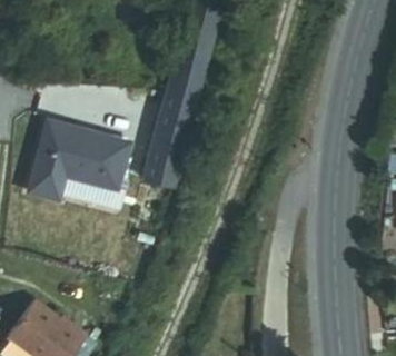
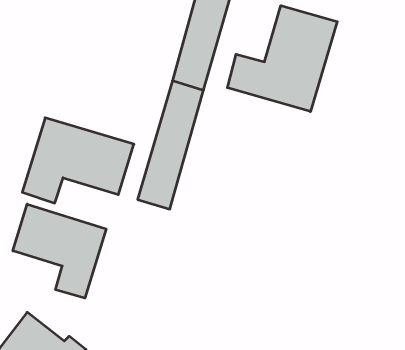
building: none -> [227,6,337,112]
building: none -> [13,204,106,298]

